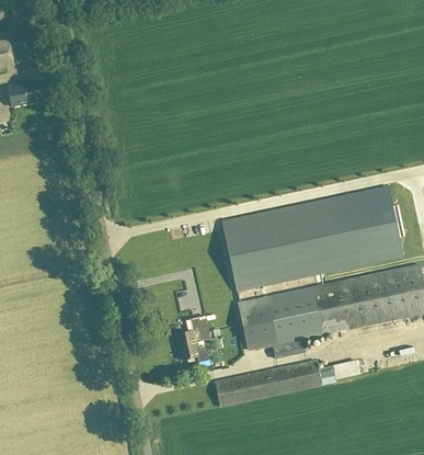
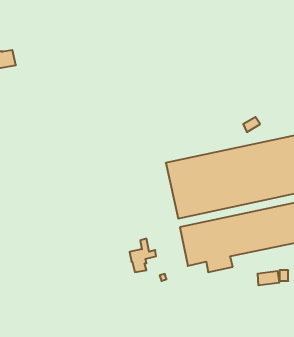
building: [215,359,321,405] -> none

